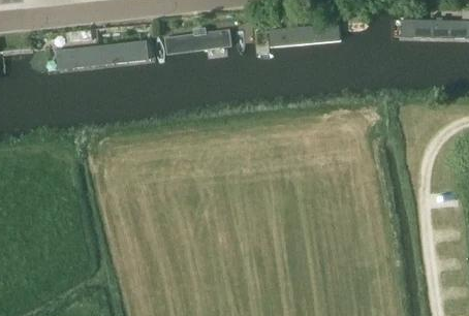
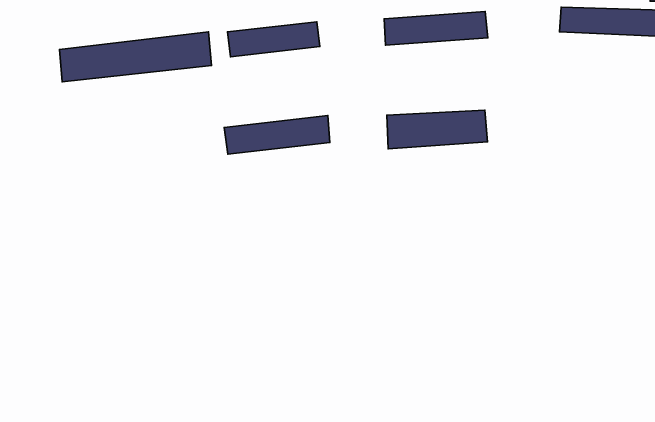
building: none -> [387,110,487,149]
building: none -> [224,115,330,154]

